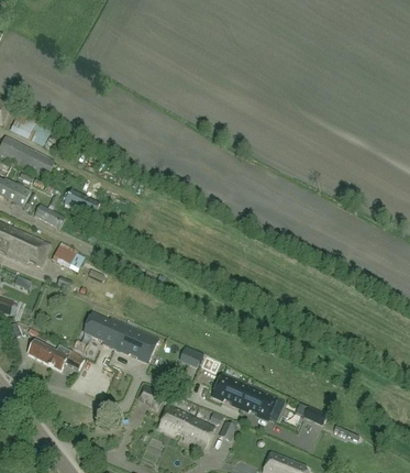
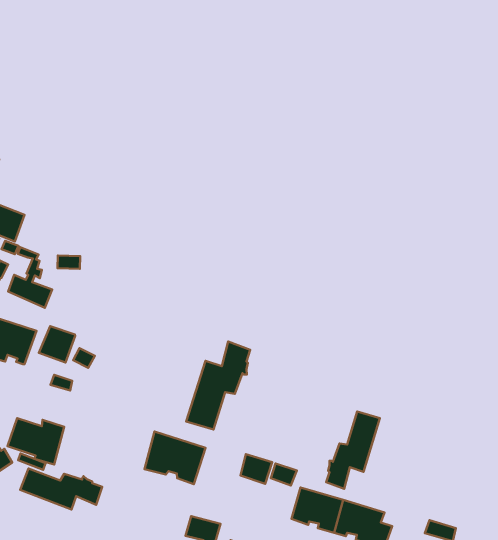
building: none -> [186,342,250,430]
building: [84,314,124,349] -> [8,418,64,465]
building: none -> [326,412,380,489]

